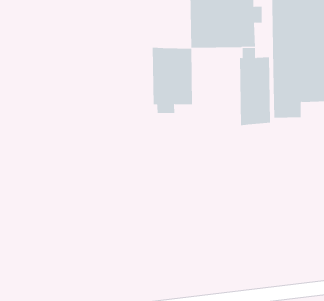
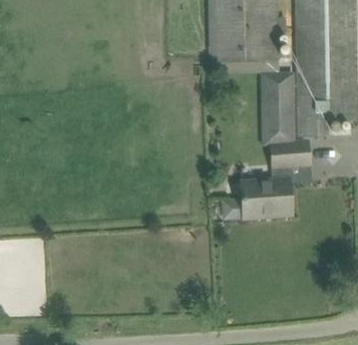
building: [152,47,193,114] -> none
building: none -> [226,141,309,219]

